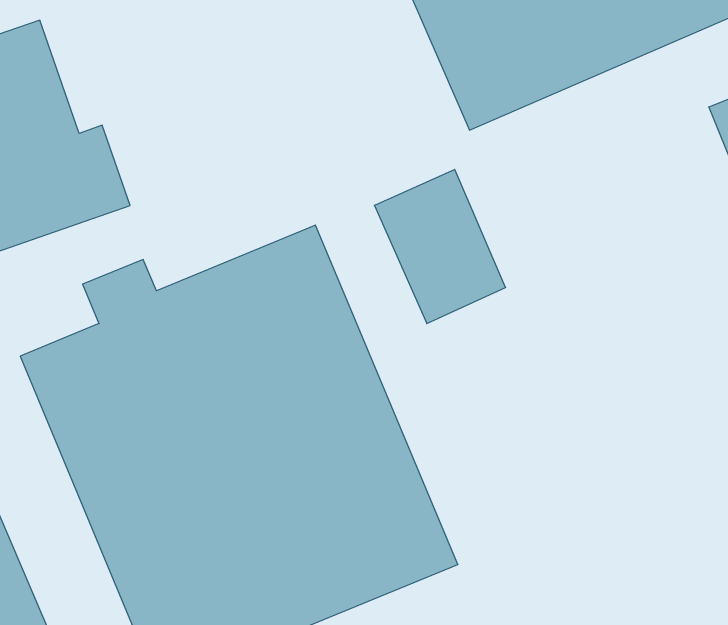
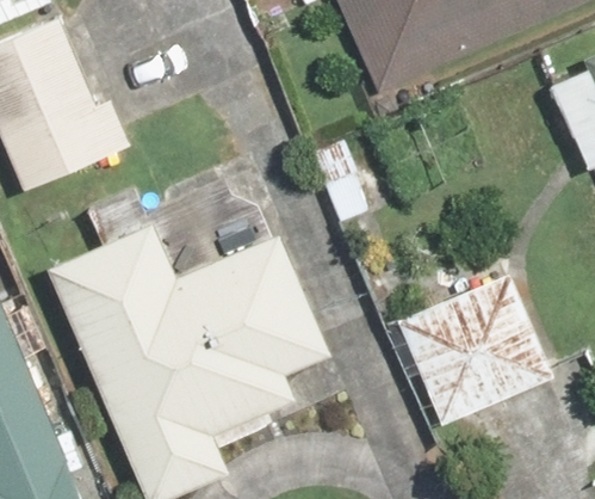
building: none -> [391,266,554,429]

